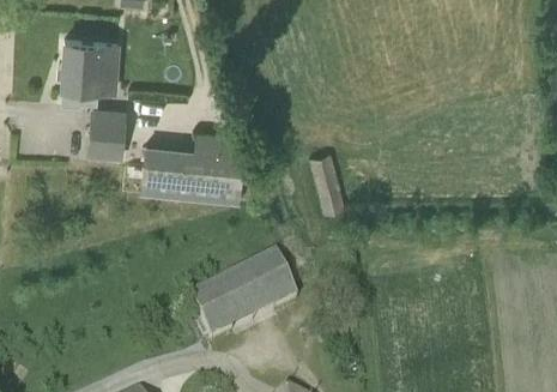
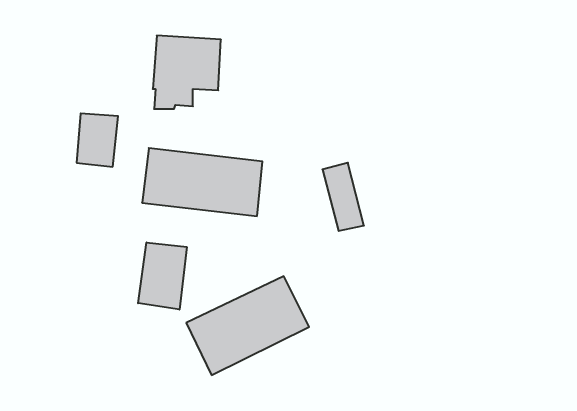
building: [61,32,122,98] -> [153,36,221,109]
building: none -> [138,242,187,310]

